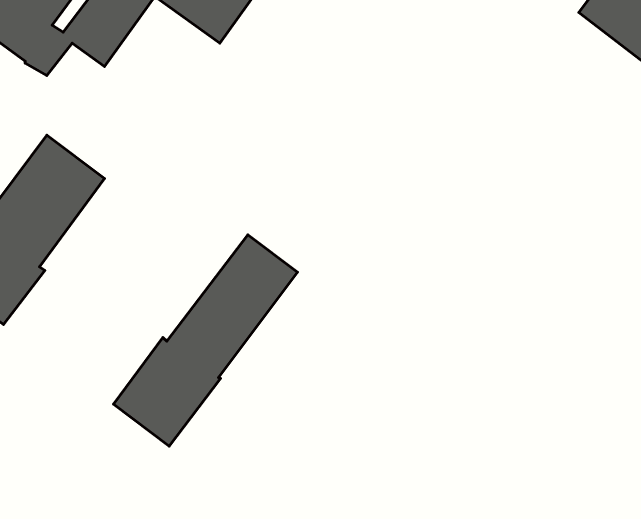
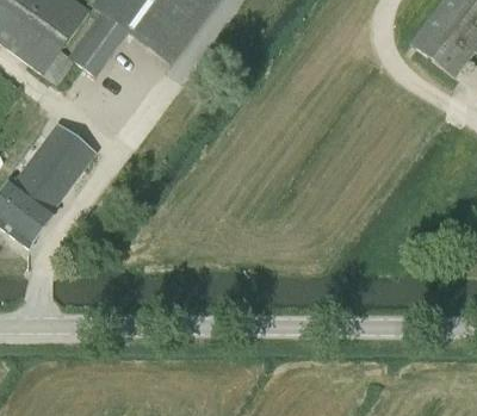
building: [113,235,297,446] -> none

